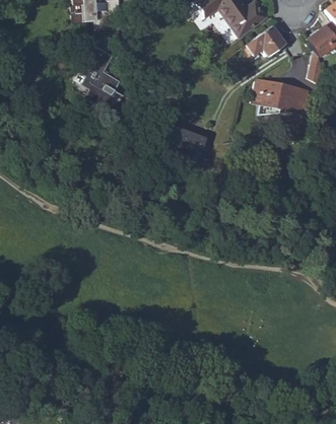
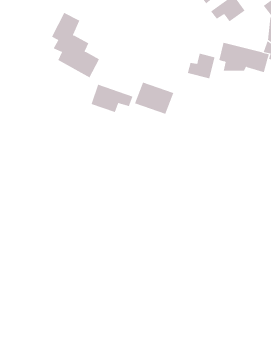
building: none -> [187,53,215,79]
building: none -> [91,84,133,113]

